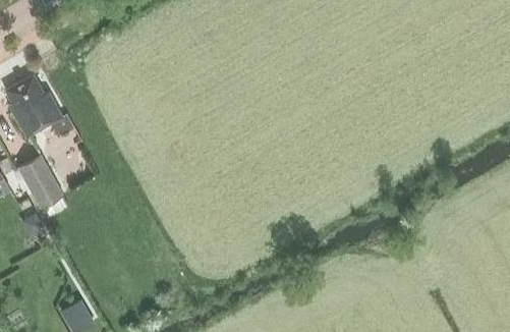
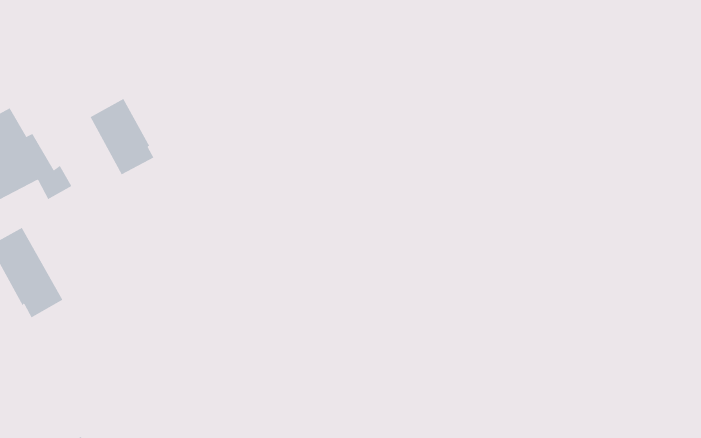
building: none -> [90,98,154,175]

